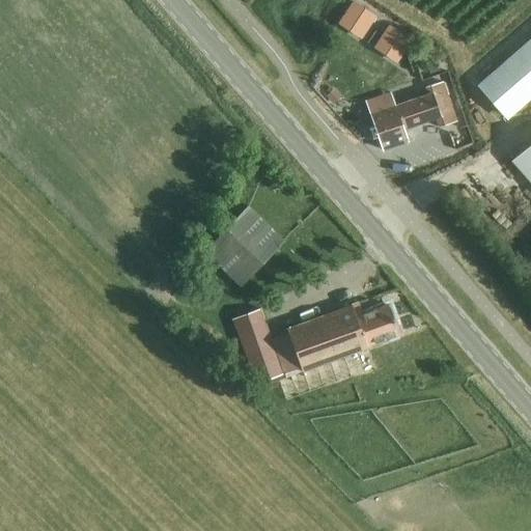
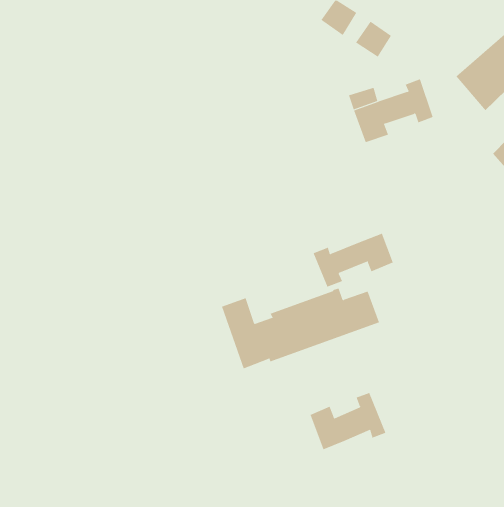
building: [204,204,285,284] -> none
building: none -> [313,233,394,287]
building: none -> [310,392,386,450]

